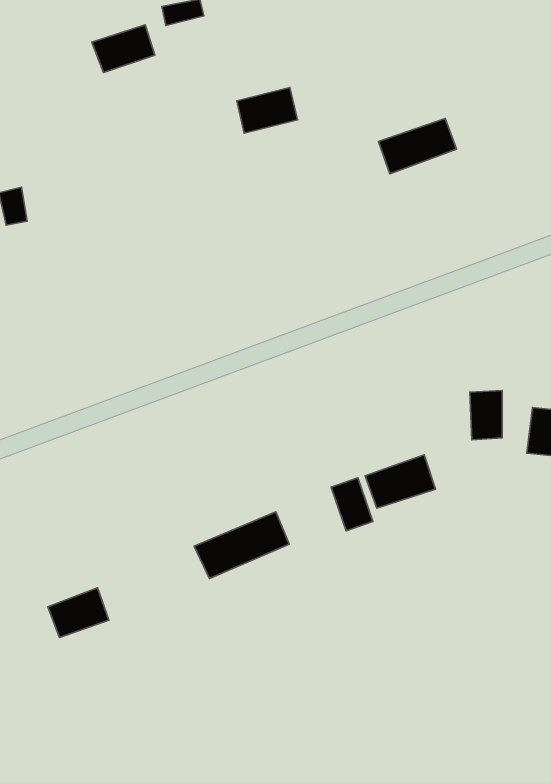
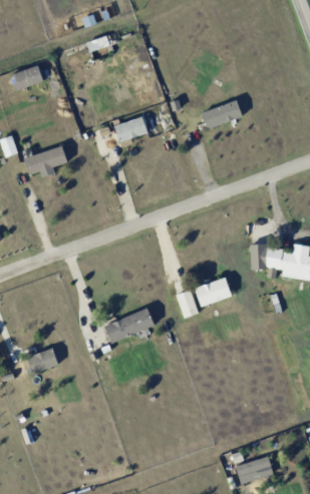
building: [92,25,155,72] -> [10,65,43,90]
building: [237,88,297,133] -> [115,117,147,141]
building: none -> [24,145,68,174]

